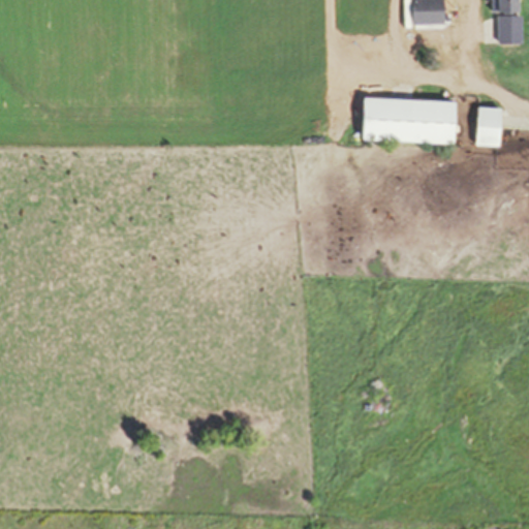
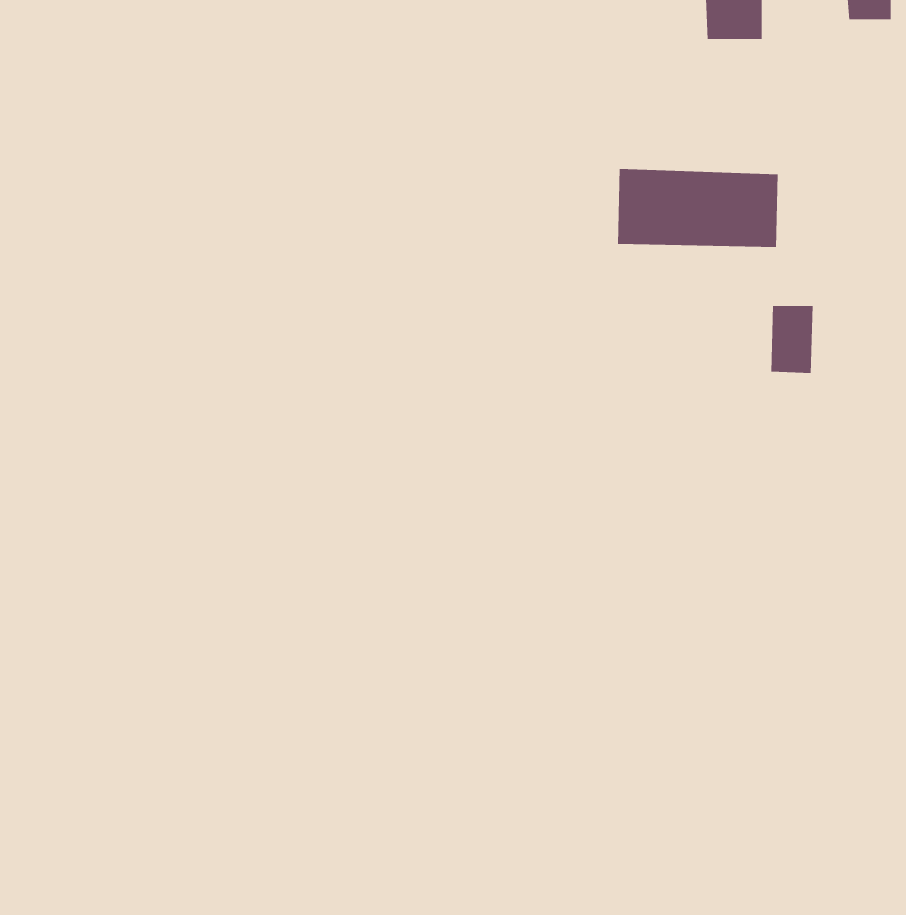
building: [499,14,523,42] -> none
building: [476,106,501,146] -> [770,305,813,374]

